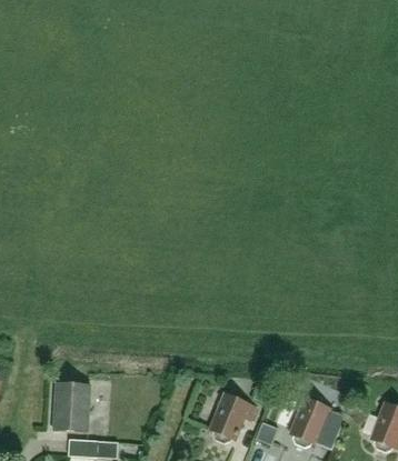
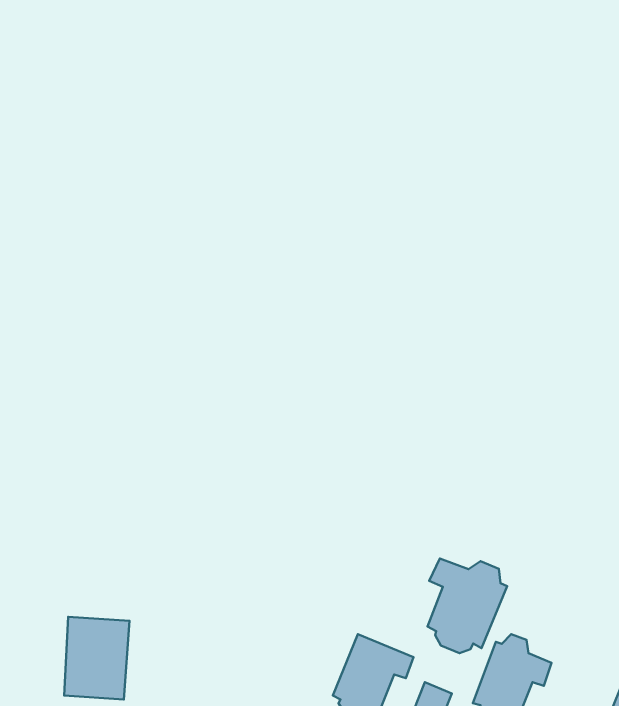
building: none -> [428,558,507,653]

